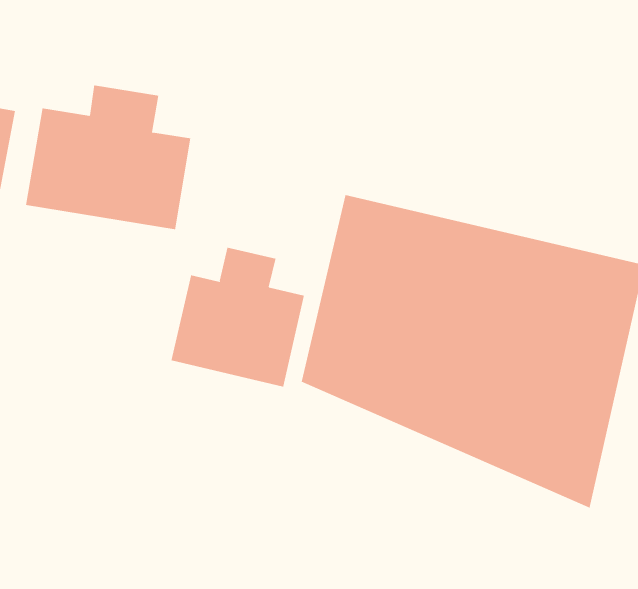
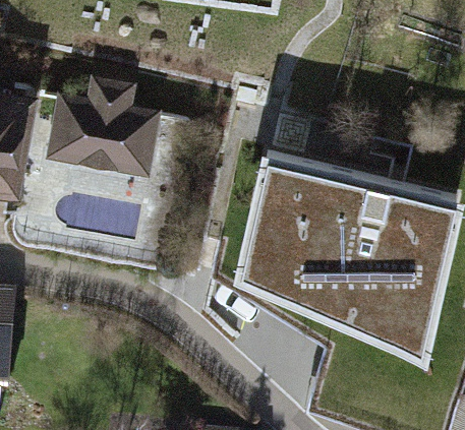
building: [171,247,304,387] -> none

